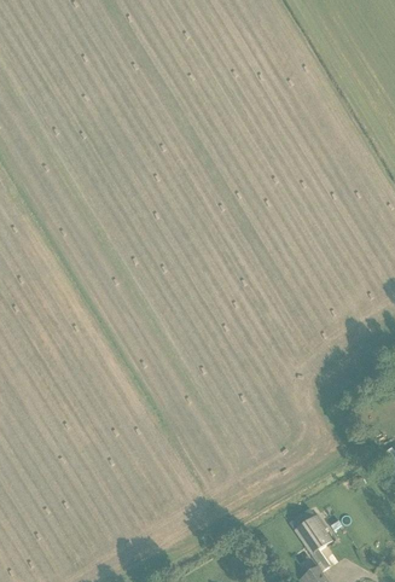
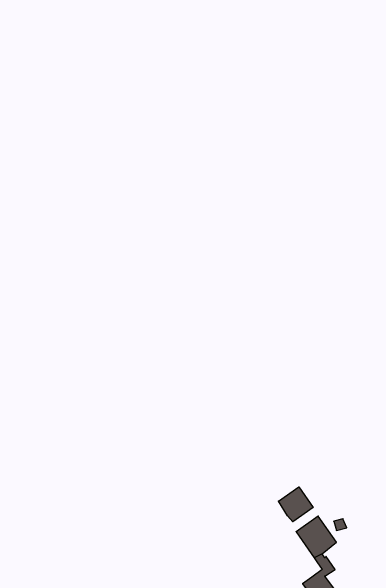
building: none -> [278,487,313,522]

